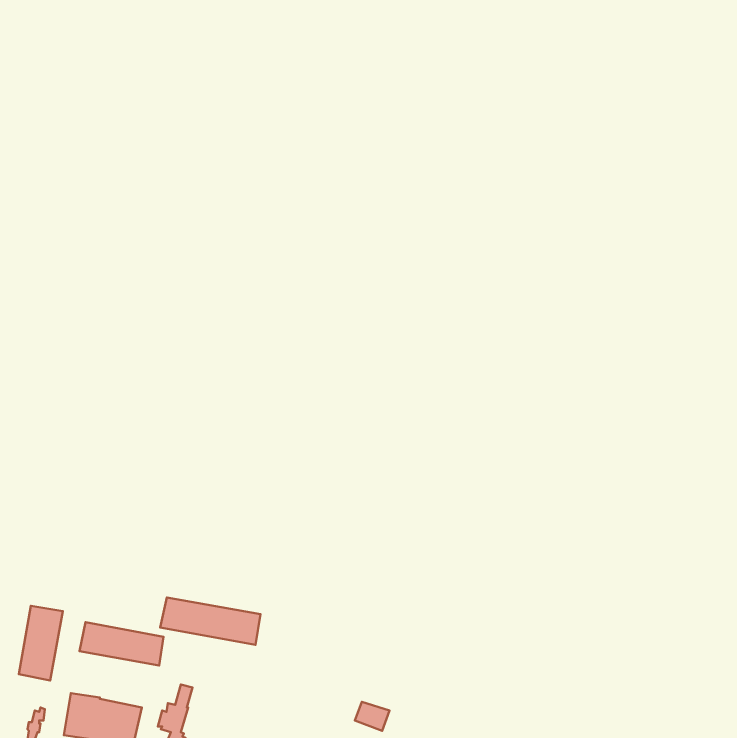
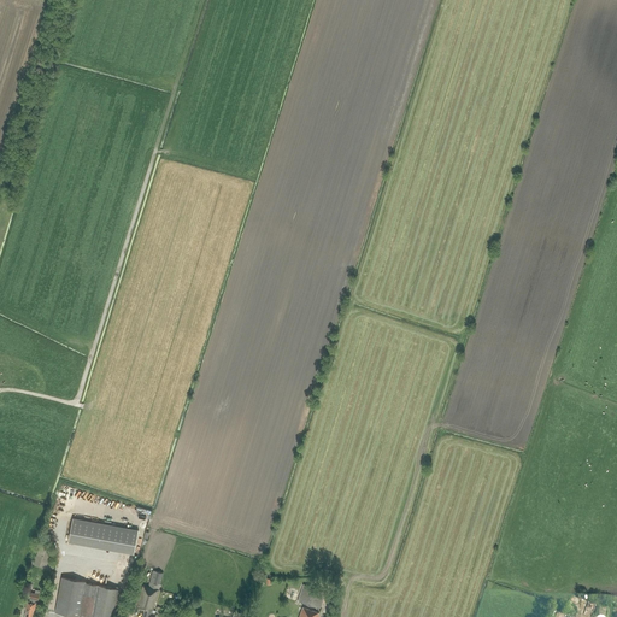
building: [160,598,260,645] -> none
building: [19,606,63,681] -> none

